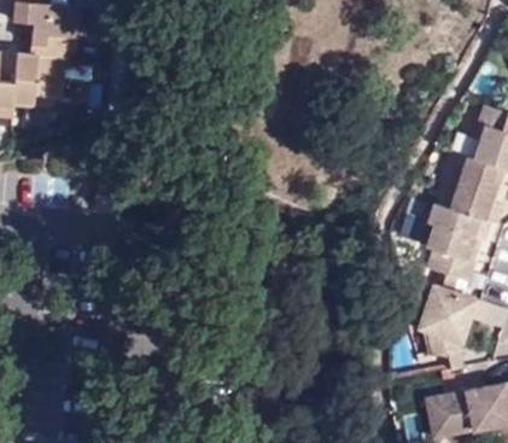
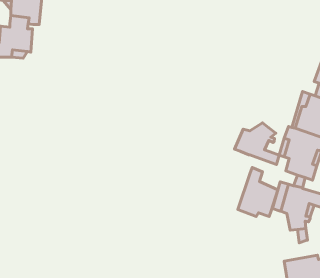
building: none -> [235,123,279,164]
building: none -> [238,167,278,217]

